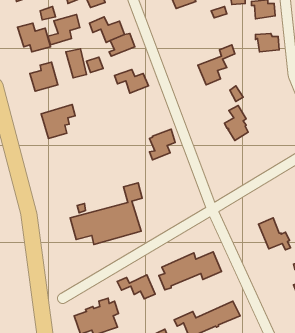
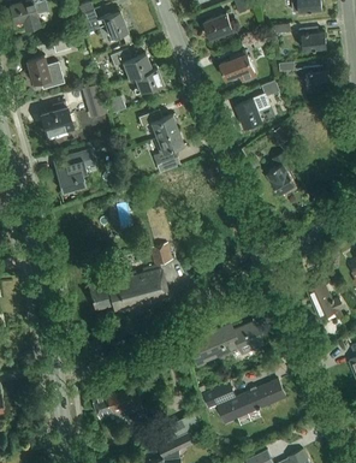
building: [48,14,80,45] -> none
building: none -> [220,51,255,79]
building: [150,129,175,160] -> [153,129,183,165]
building: [117,275,155,299] -> none

